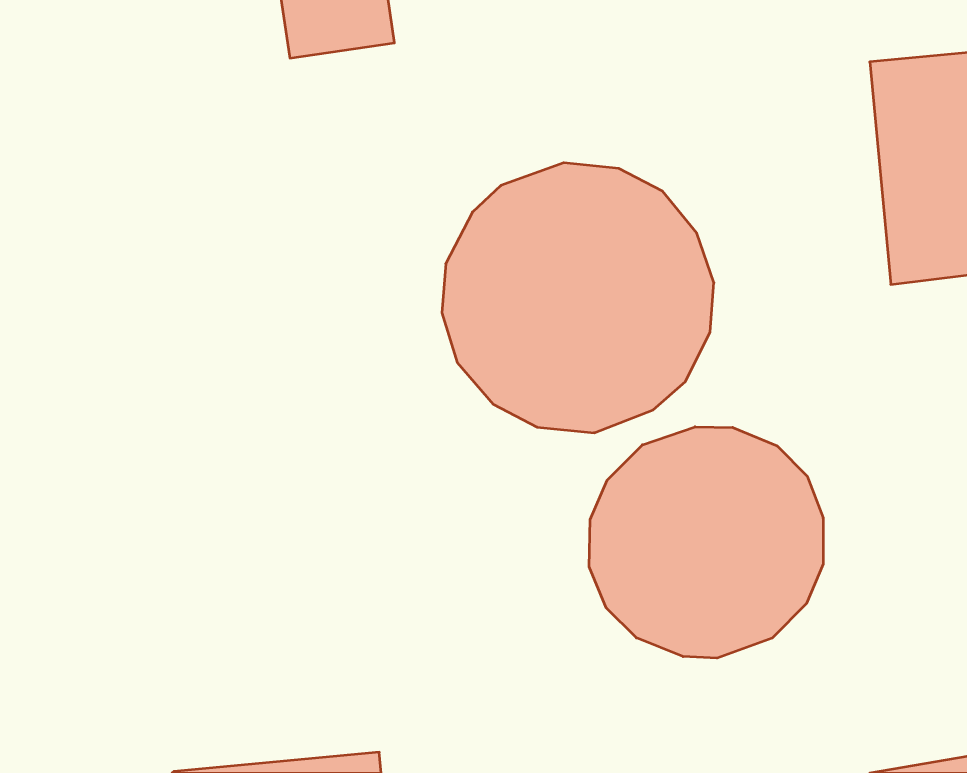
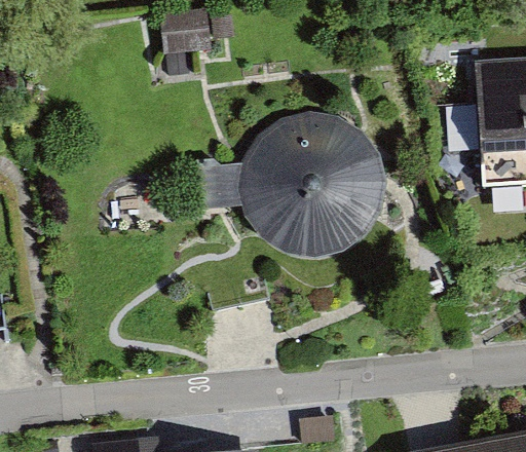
building: [589,427,823,658] -> none

